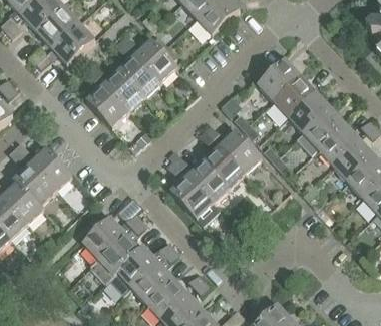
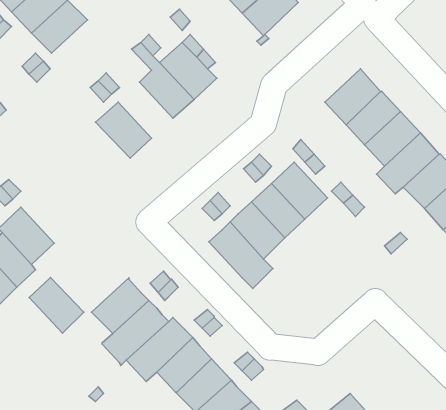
building: [53,22,94,64] -> none
building: [103,69,144,111] -> none
building: [30,148,71,191] -> [29,277,84,333]

